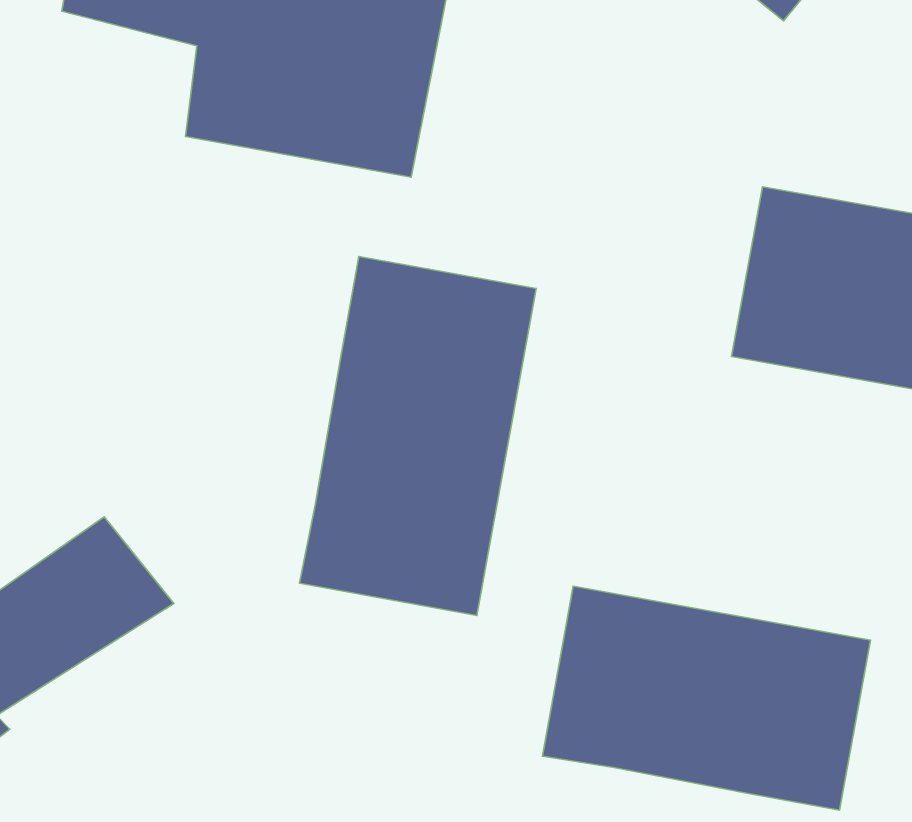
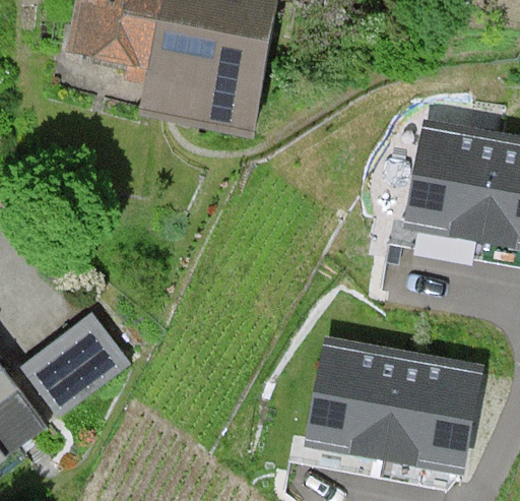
building: [300,256,536,615] -> none

